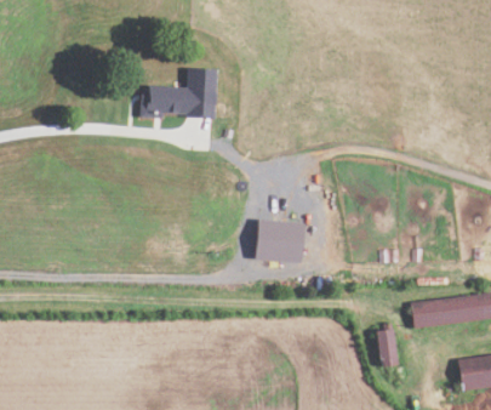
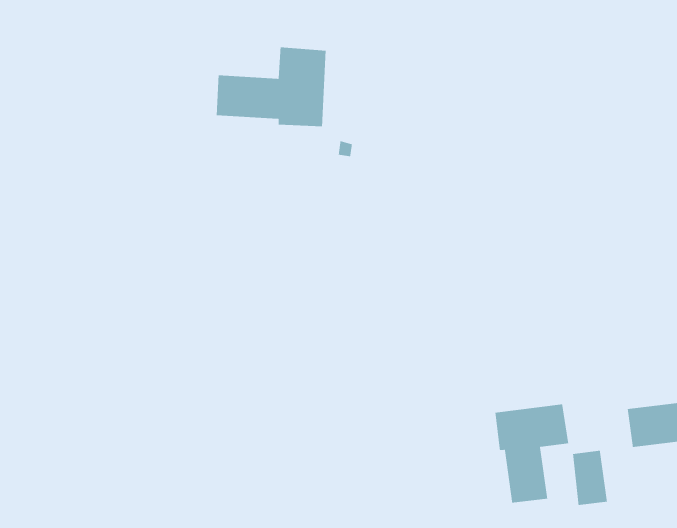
building: [255,217,306,262] -> none
building: none -> [495,404,569,504]

